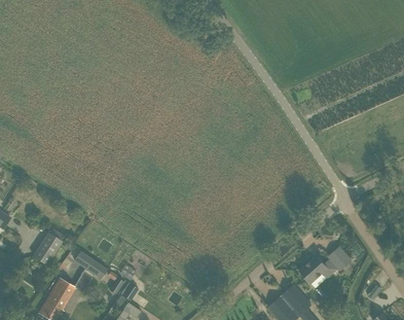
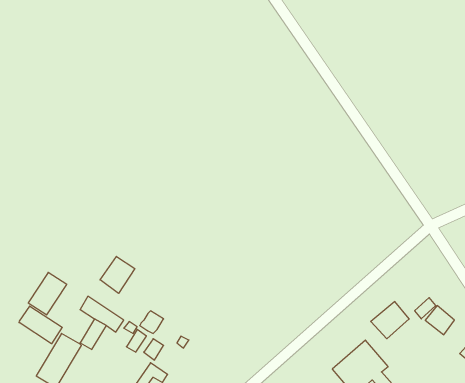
building: none -> [100,256,135,293]
building: none -> [19,306,62,344]

